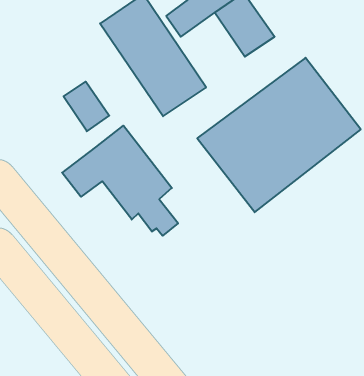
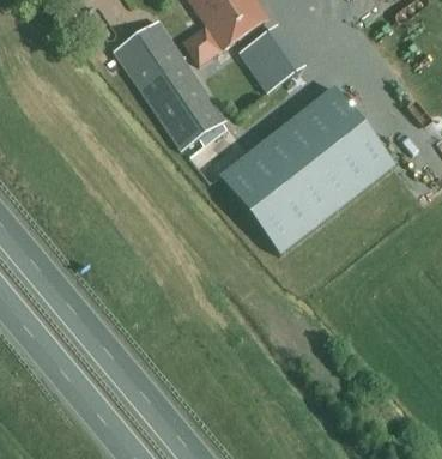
building: [64,82,109,131] -> none
building: [62,126,178,236] -> none

